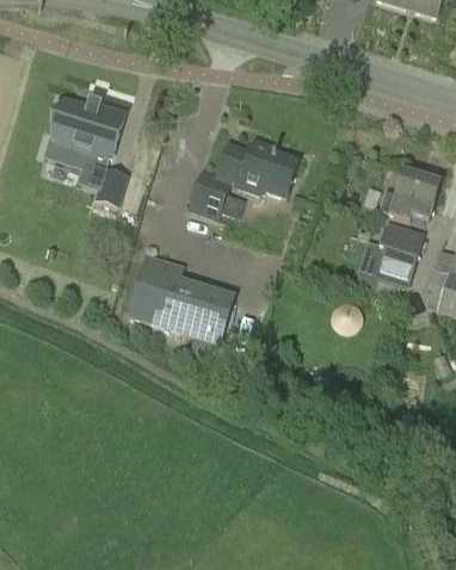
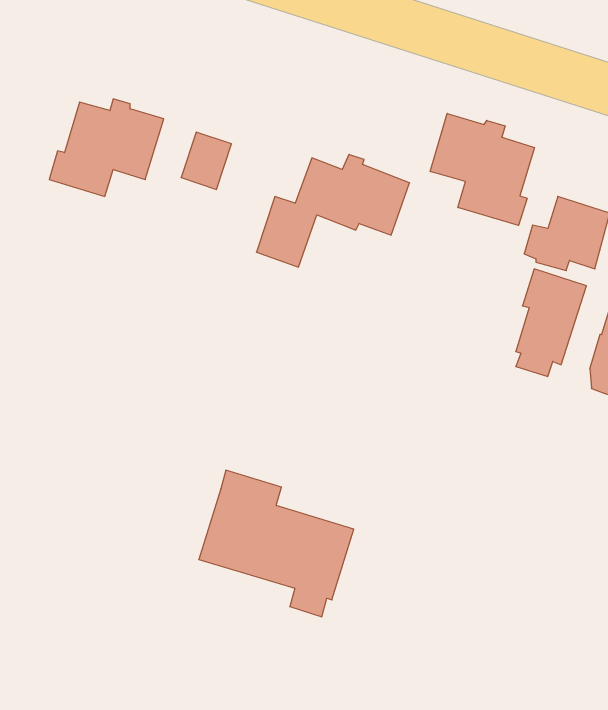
building: none -> [430,113,534,225]
building: [93,166,129,206] -> [181,132,232,189]
building: [127,252,236,355] -> [199,470,354,617]

